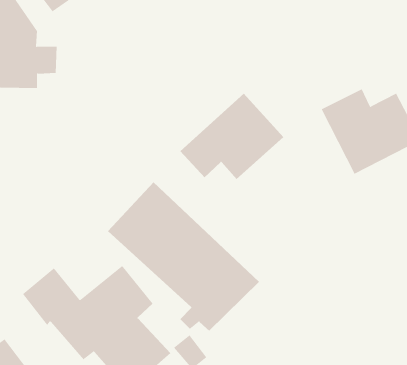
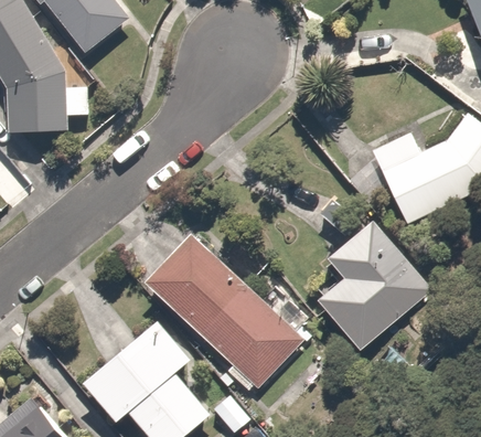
building: [179,93,284,180] -> none
building: none -> [307,221,435,359]

